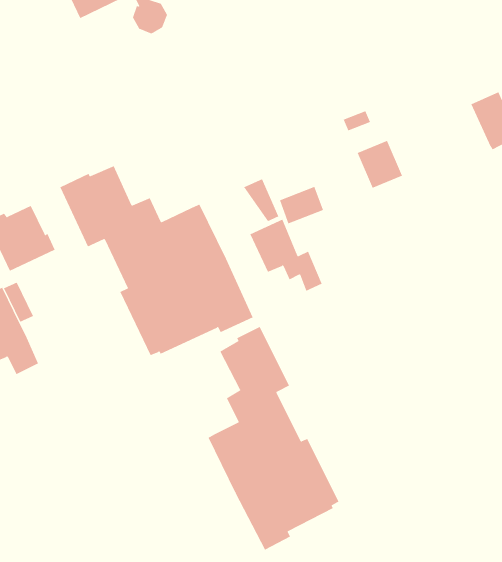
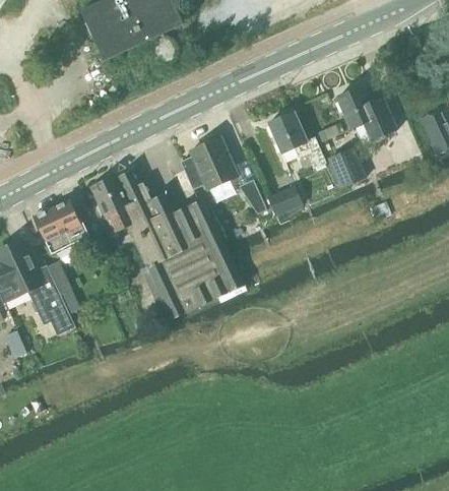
building: none -> [337,87,396,142]
building: none -> [180,137,237,189]
building: [250,219,322,292] -> [267,111,325,169]
building: [208,326,339,551] -> none

